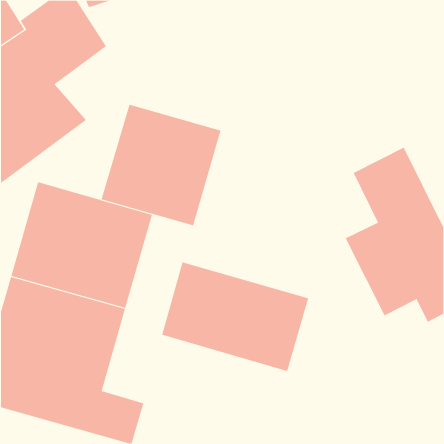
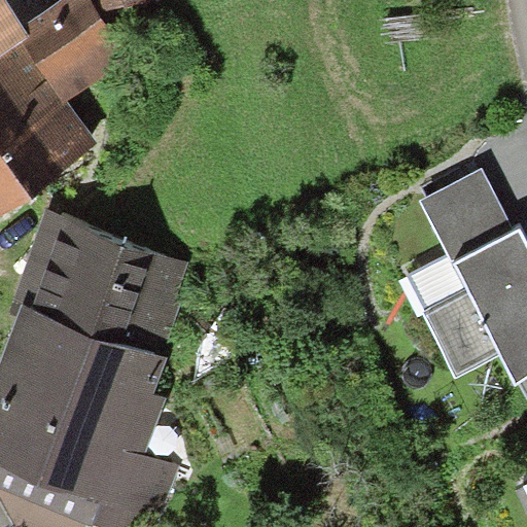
building: [101,104,221,226] -> none
building: [161,262,309,372] -> none

